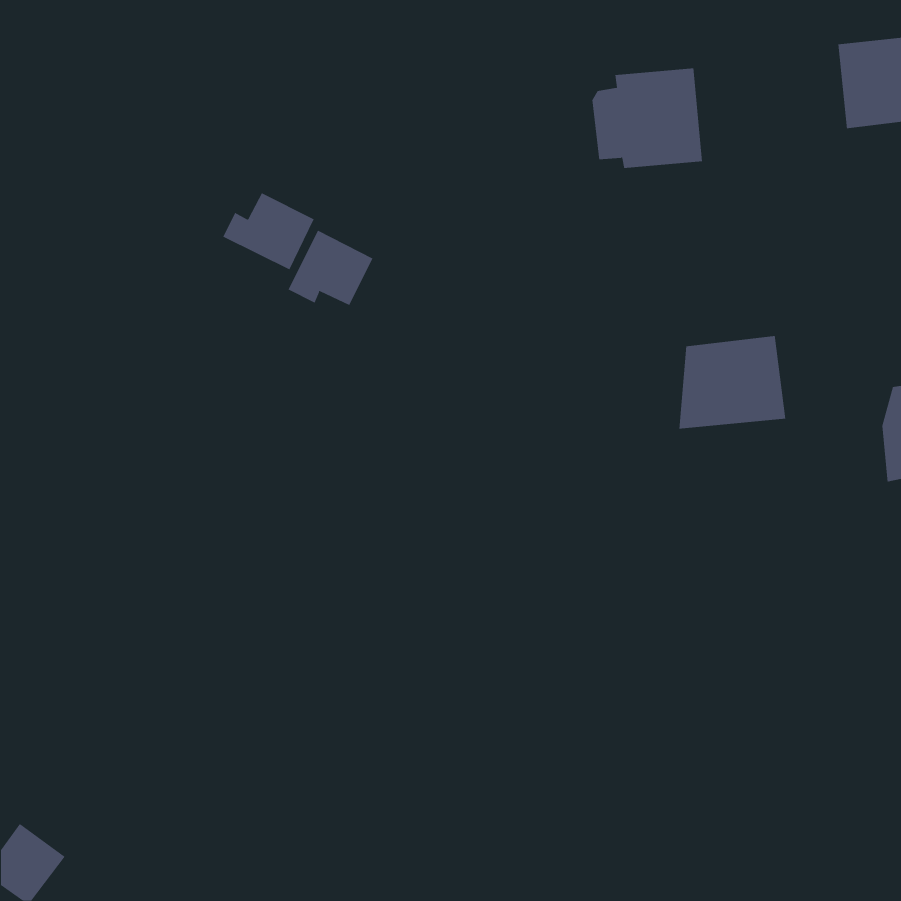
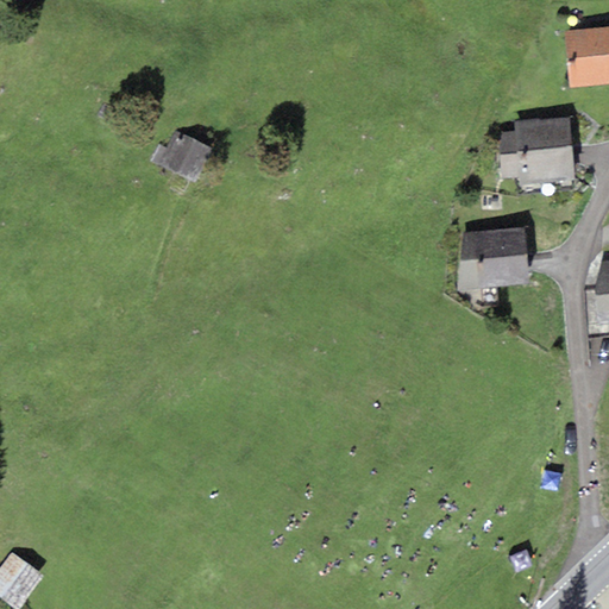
building: [592,68,703,169] -> [500,115,575,183]
building: [288,230,373,306] -> none

